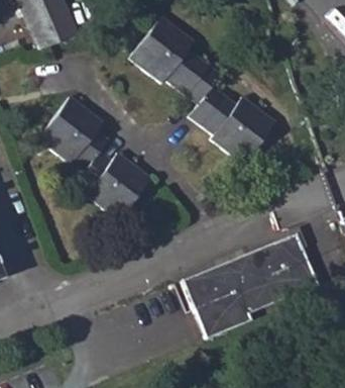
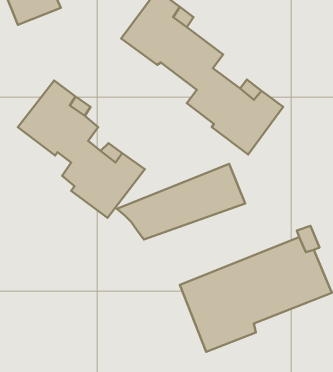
building: none -> [117,164,245,240]

